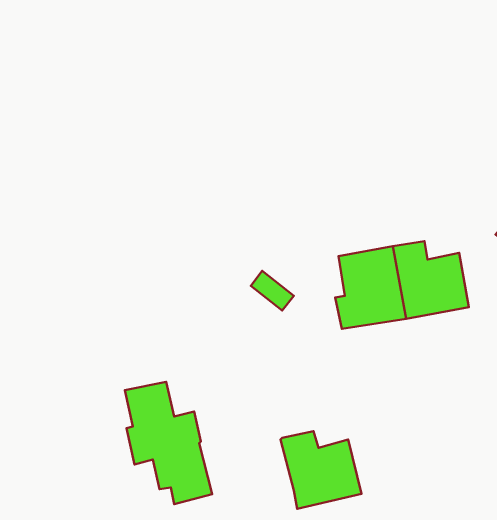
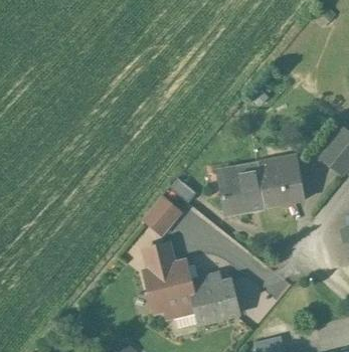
building: none -> [143,196,180,233]
building: [125,382,212,504] -> [144,243,197,318]

